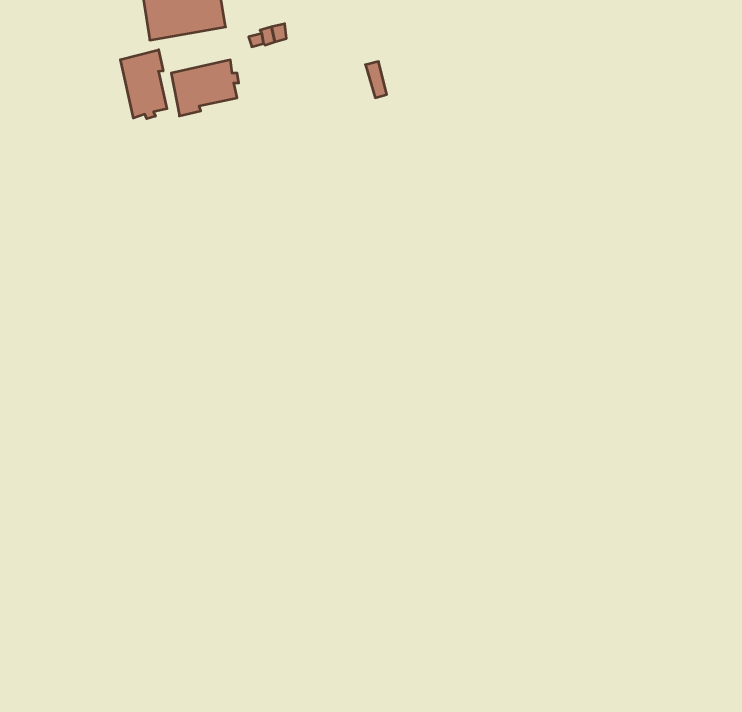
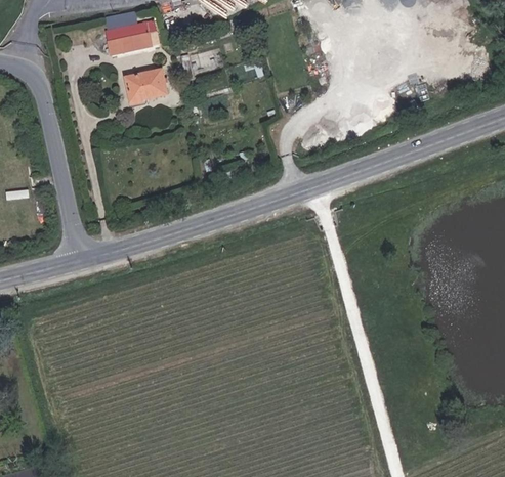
building: [120,50,167,119] -> none

